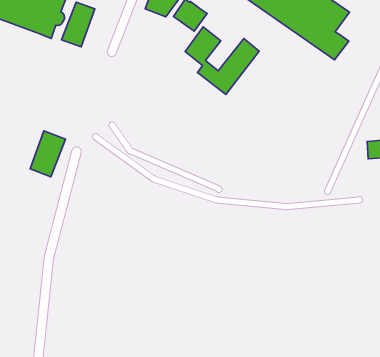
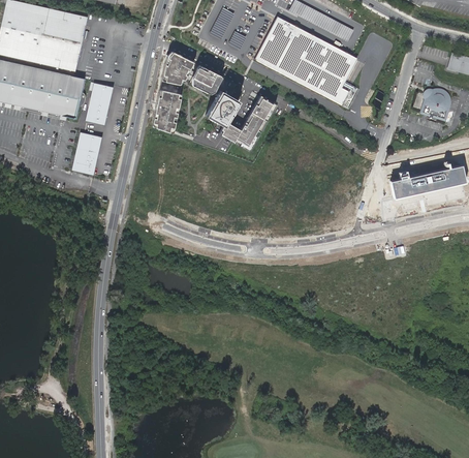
building: none -> [152,89,181,133]
building: [30,131,65,177] -> [72,131,102,175]

